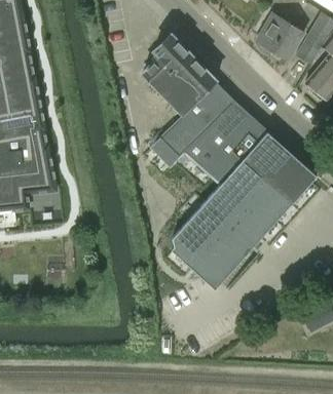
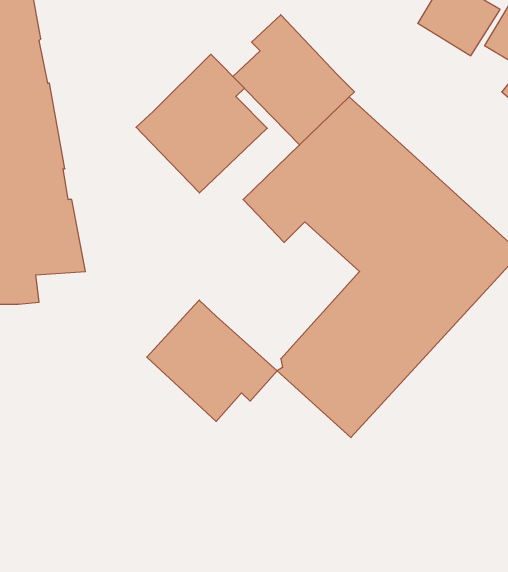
building: none -> [136,54,267,193]
building: none -> [147,300,277,421]

